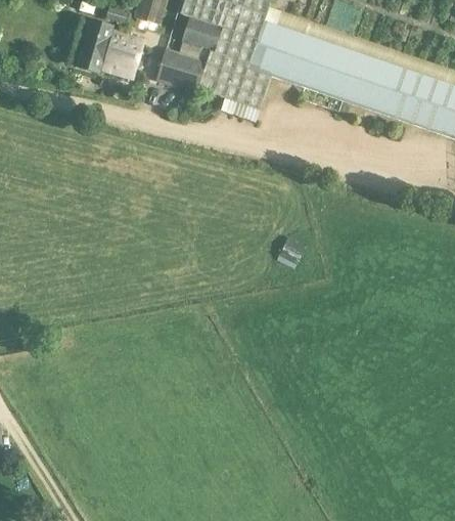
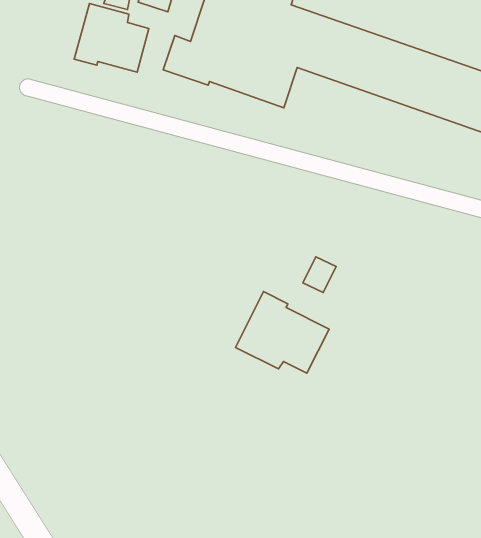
building: none -> [236,291,329,373]

